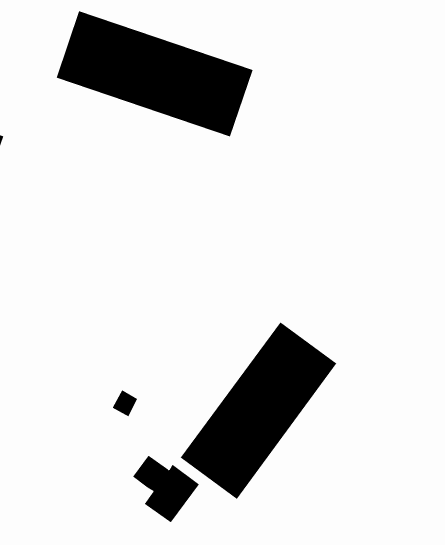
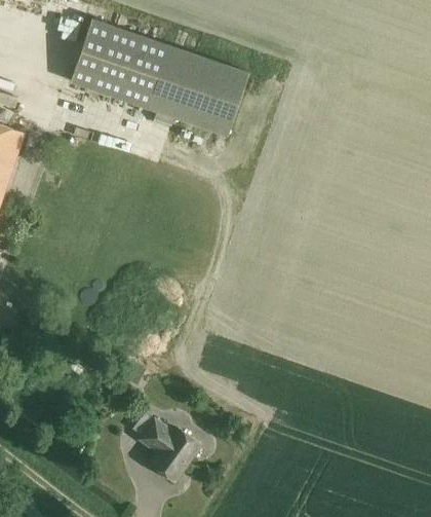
building: [180,321,337,500] -> none

